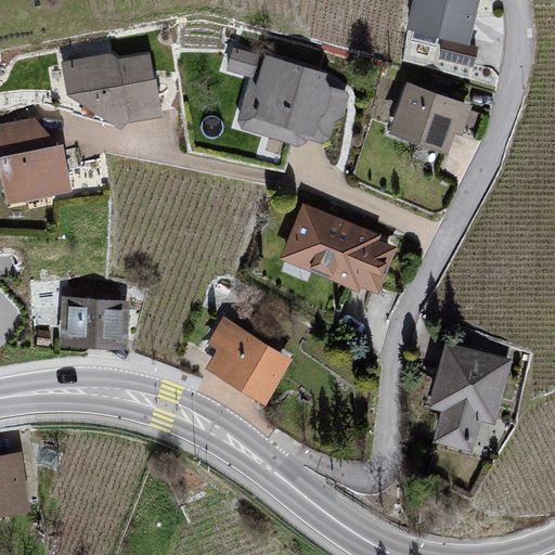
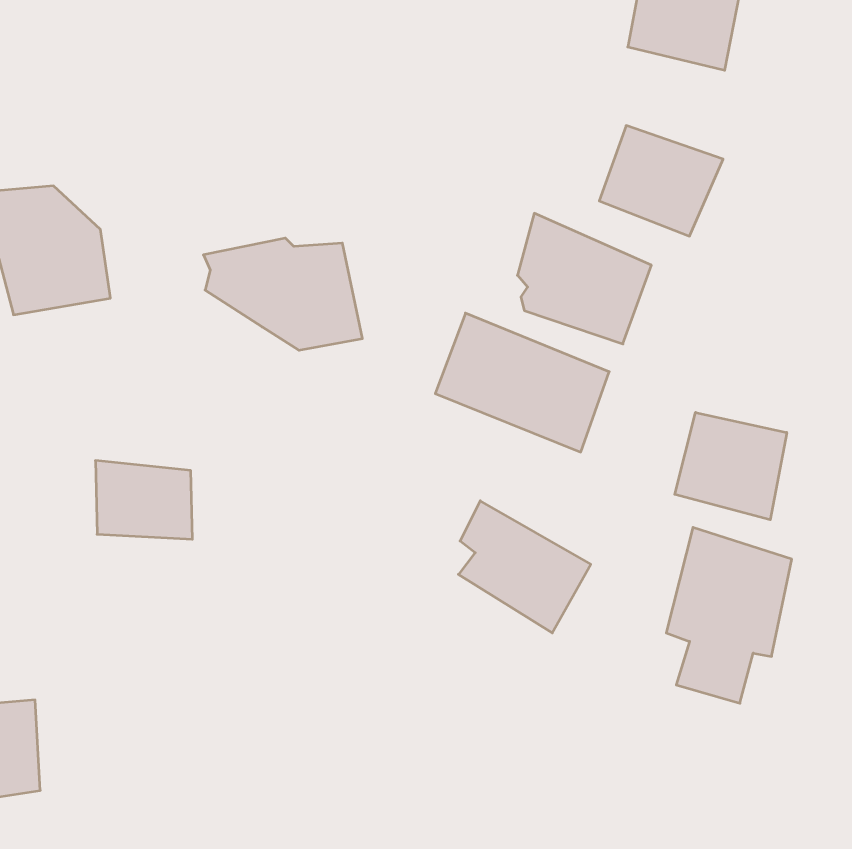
building: [56,53,159,126] -> [203,238,362,350]
building: [254,55,340,140] -> [517,213,651,344]
building: none -> [675,412,787,520]
building: [203,317,288,402] -> [458,501,591,633]

